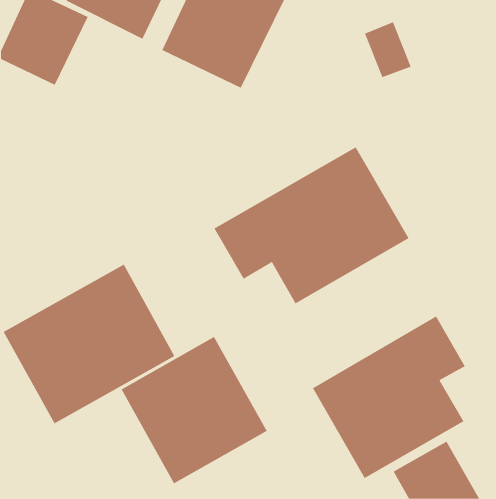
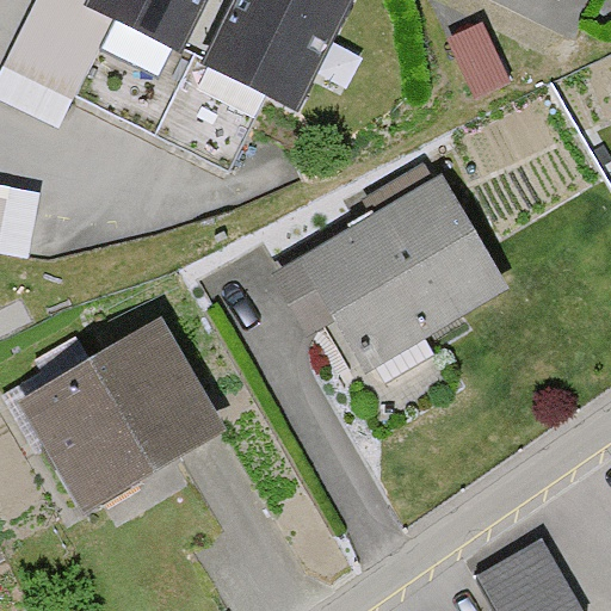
building: [312,316,465,479] -> none
building: [121,336,268,484] -> none

